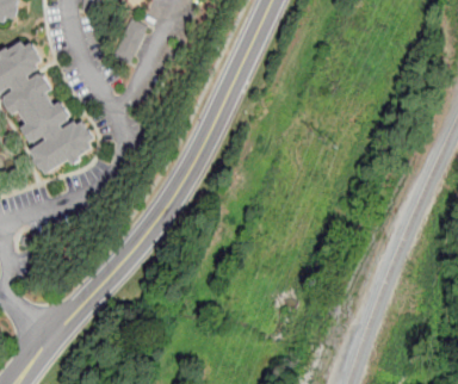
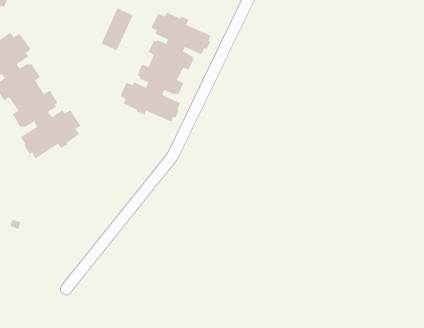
building: none -> [120,12,211,123]

